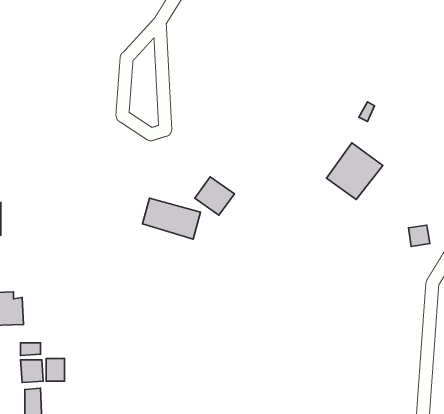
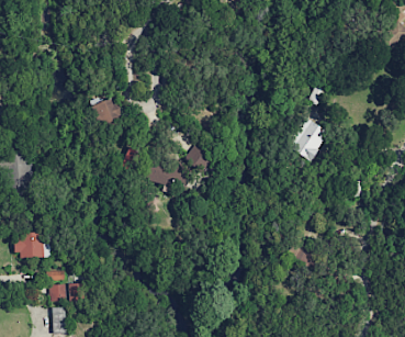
building: none -> [92,98,121,125]

